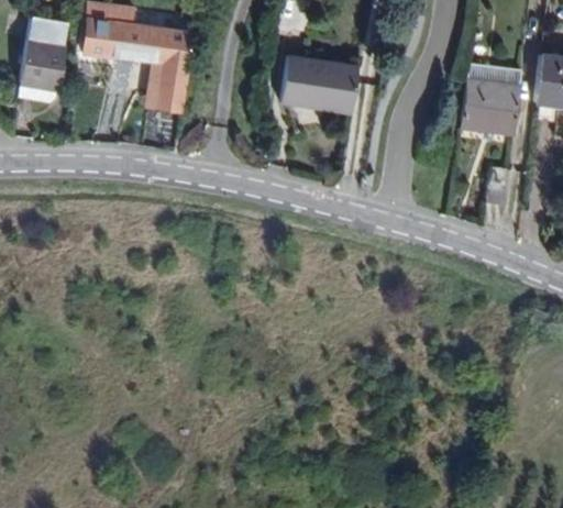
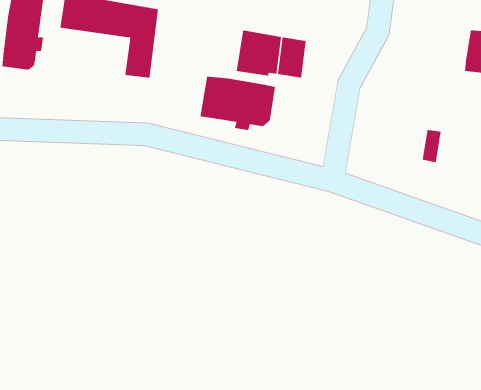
building: [460,64,521,142] -> none
building: none -> [200,76,276,131]

